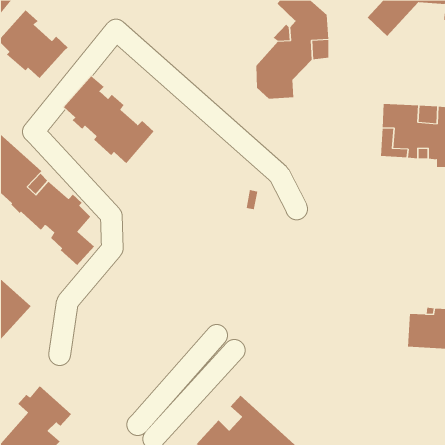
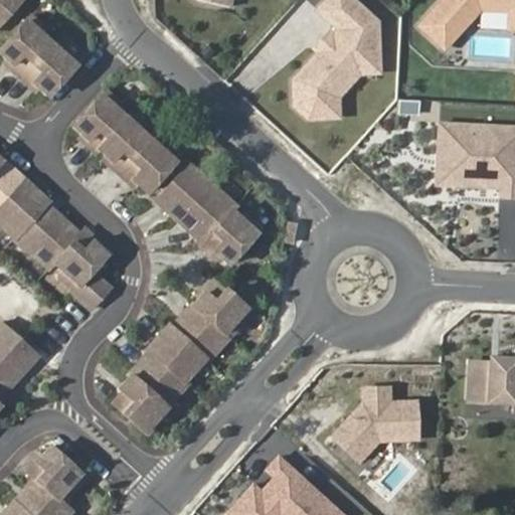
building: none -> [157,163,263,264]
building: none -> [115,279,247,434]
building: none -> [333,387,419,462]

